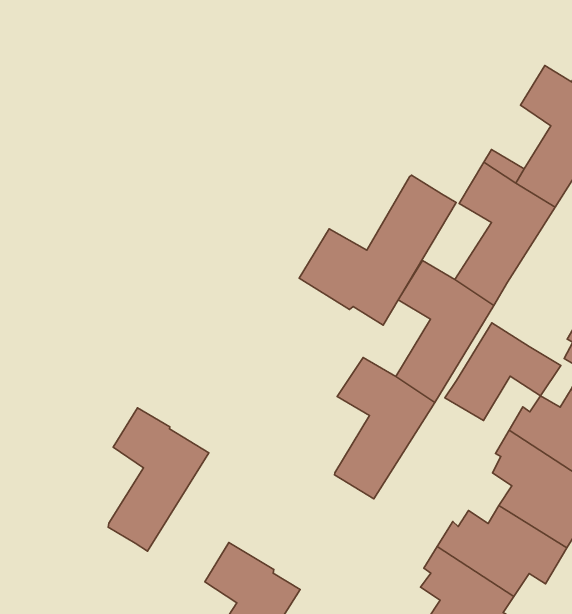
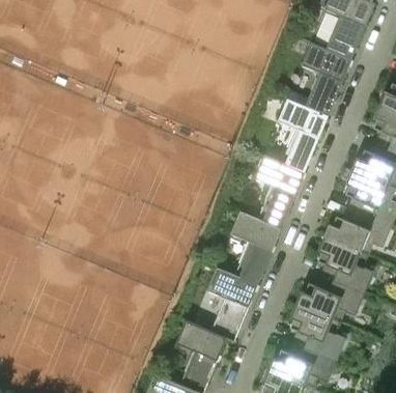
building: [299,175,456,325] -> none
building: [445,323,561,421] -> none
building: [108,408,209,551] -> [206,268,257,342]

